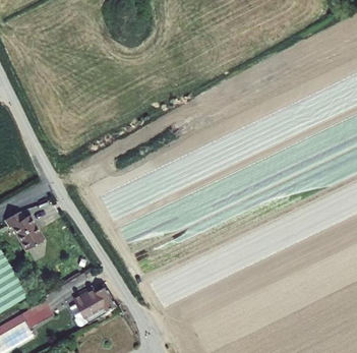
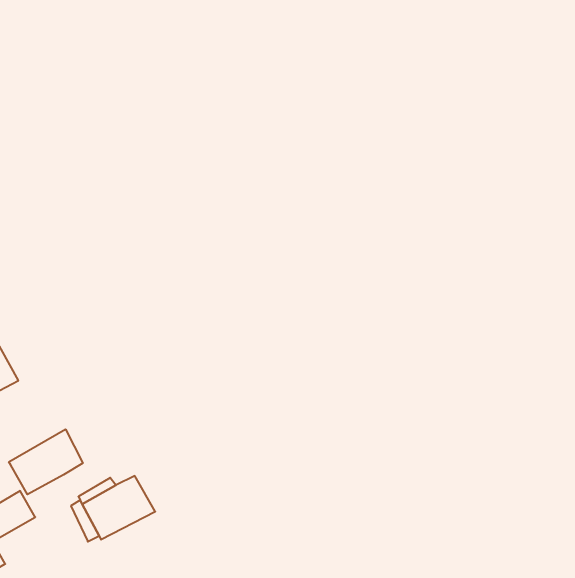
building: none -> [9,429,83,494]

